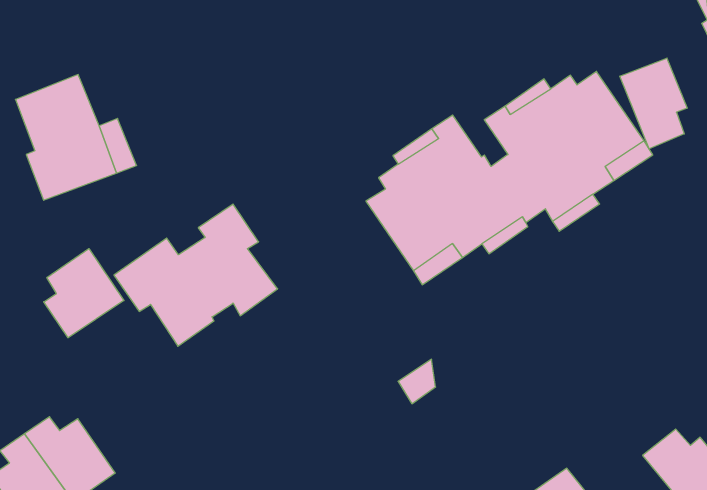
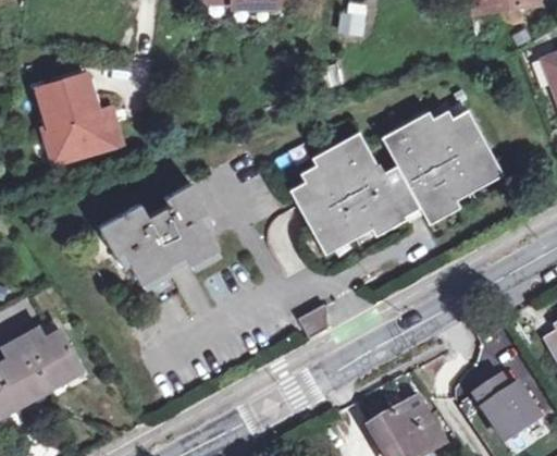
building: [620,58,687,149] -> none
building: [44,249,124,338] -> none

